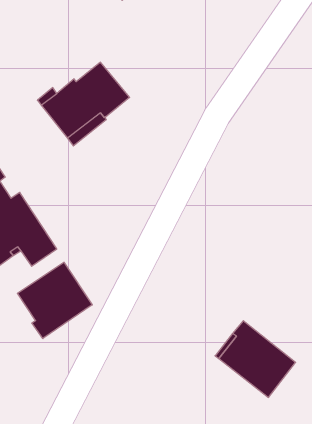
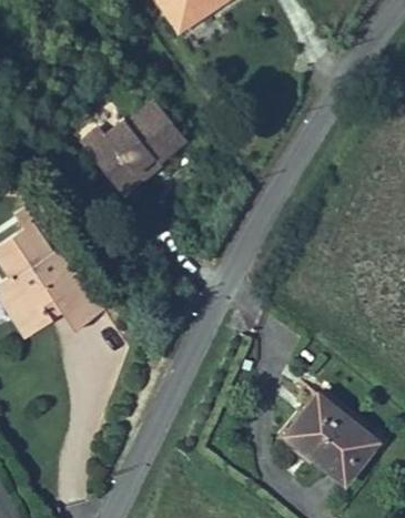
building: [17,262,92,339] -> none

